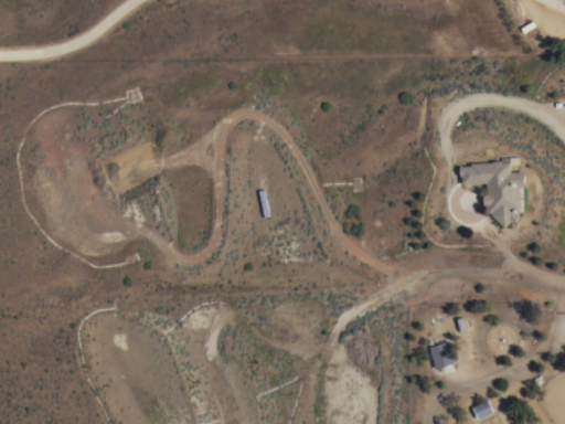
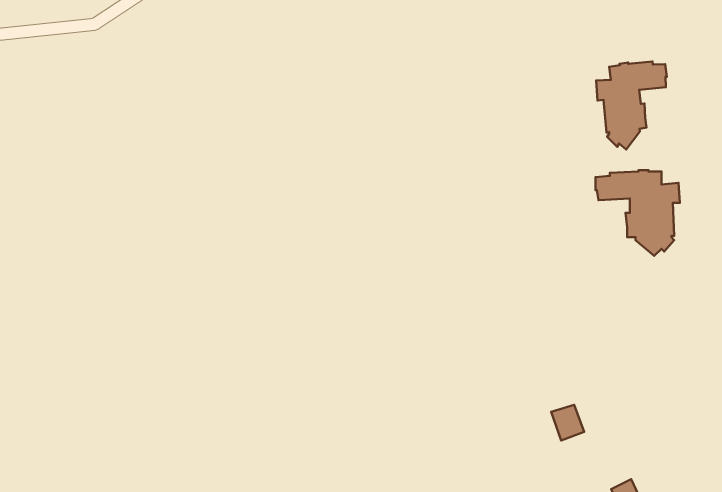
building: none -> [596,62,667,150]

